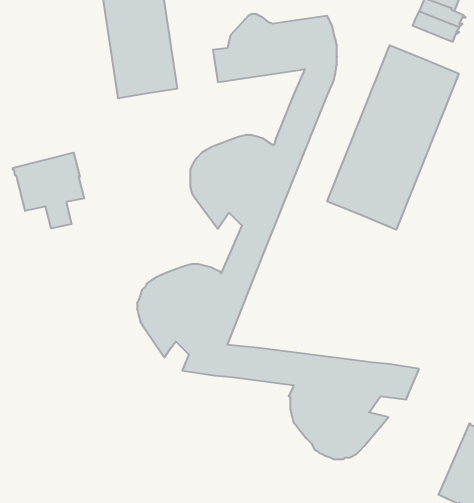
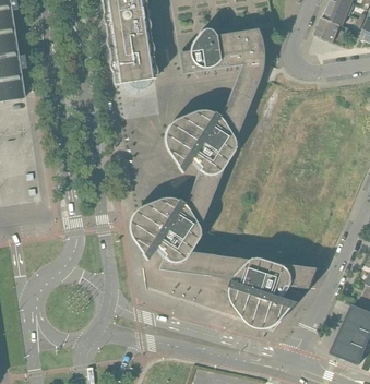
building: [327,45,459,230] -> none
building: [13,153,84,228] -> none

